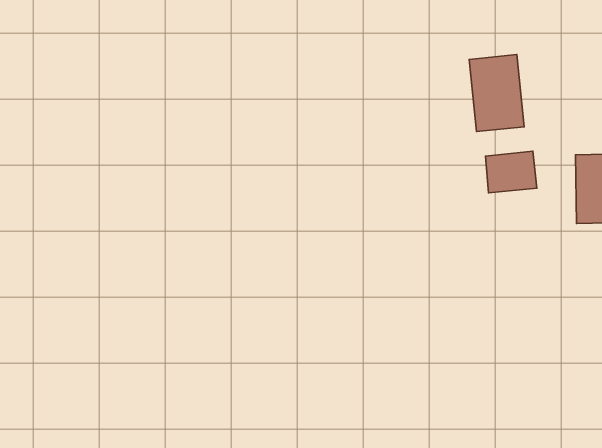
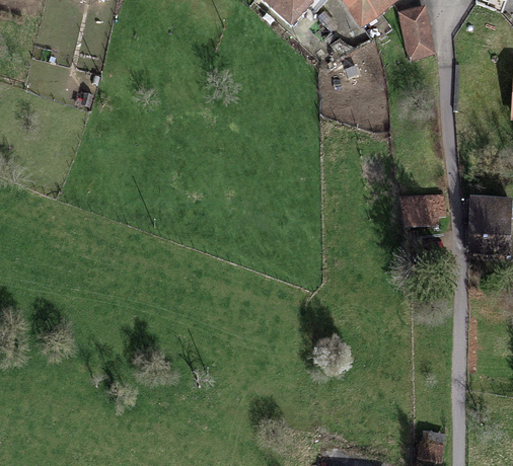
building: [469,55,524,131] -> none

